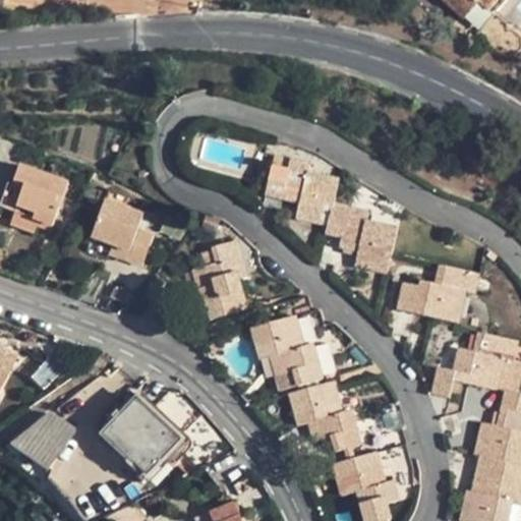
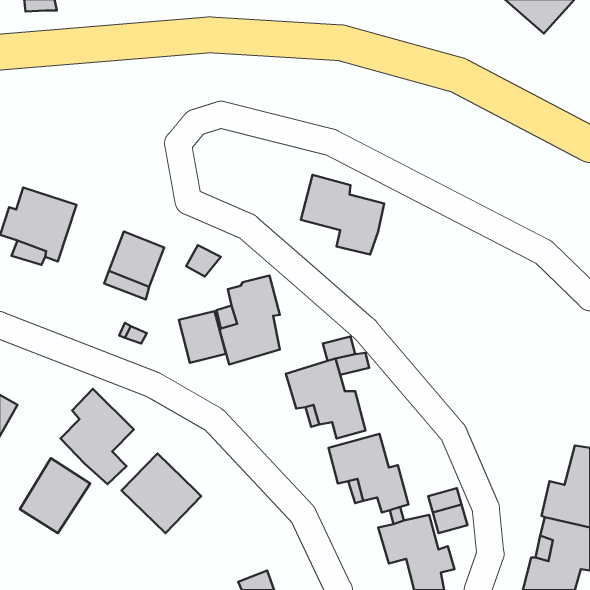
building: [325,204,396,273] -> none
building: [396,267,477,324] -> none
building: none -> [179,311,226,363]
building: [431,333,515,397] -> none
building: none -> [60,389,134,484]

